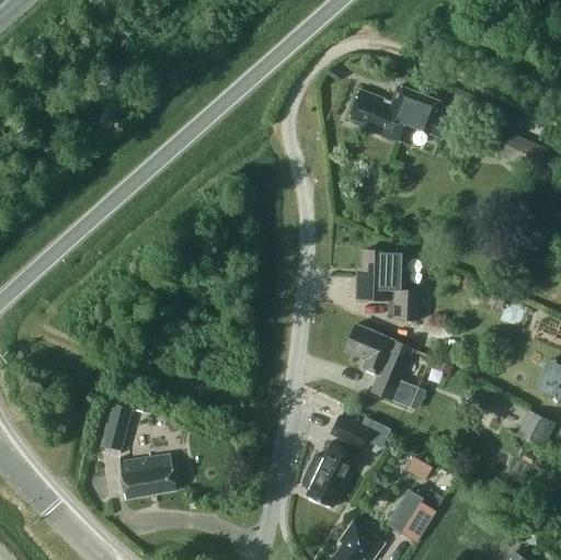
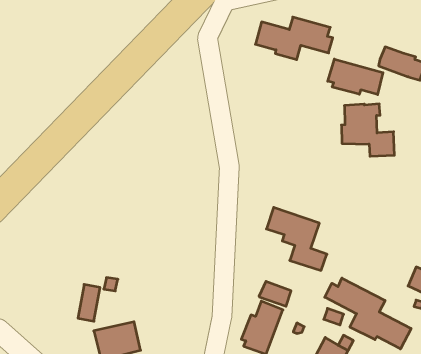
building: none -> [328,59,383,95]
building: [356,251,422,318] -> [341,104,394,156]
building: none -> [325,278,411,349]

